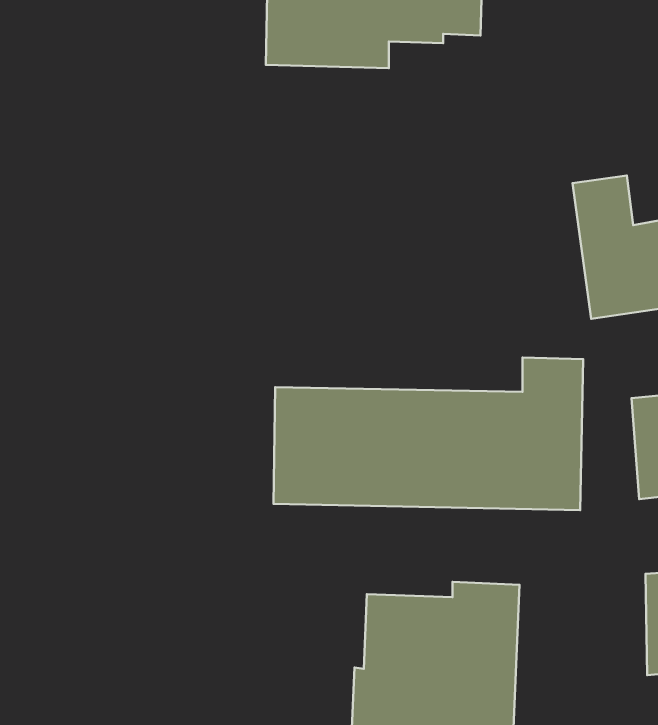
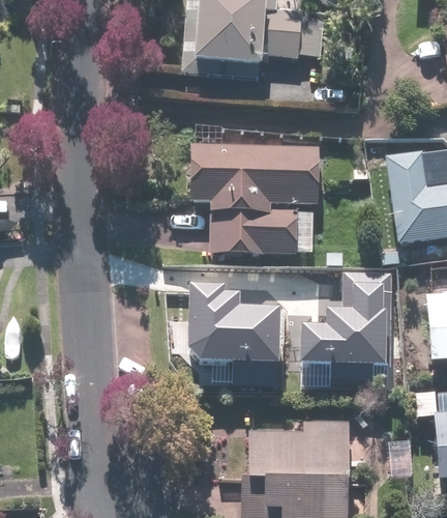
building: none -> [187,125,322,257]

